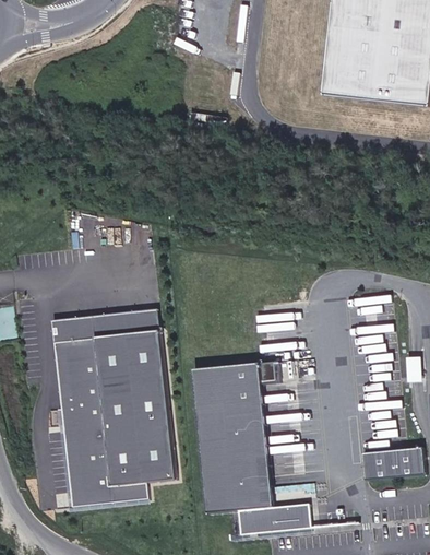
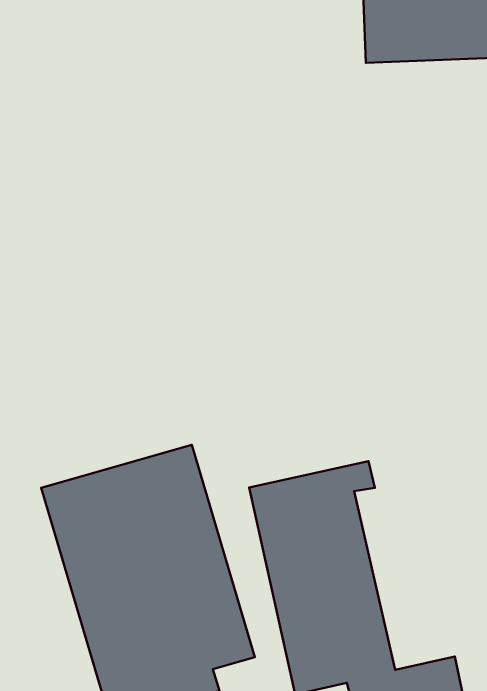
building: [52,309,159,343] -> none

